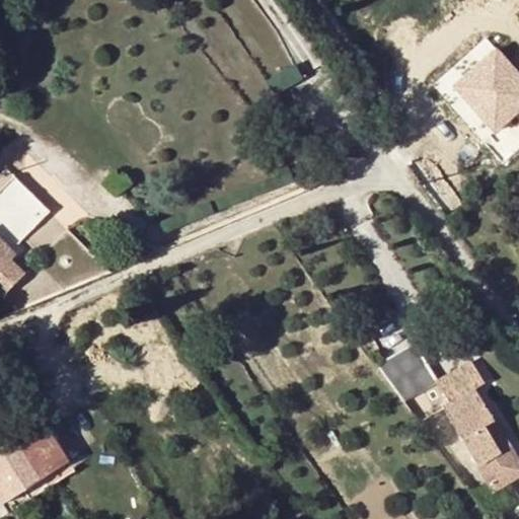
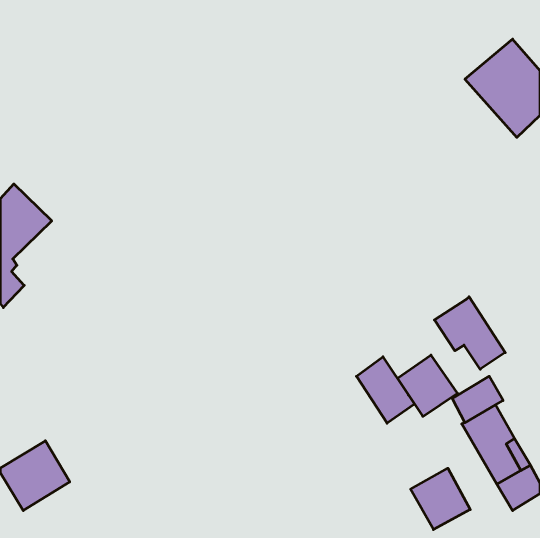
building: none -> [434,297,505,369]
building: none -> [356,357,415,423]
building: none -> [411,468,470,530]

